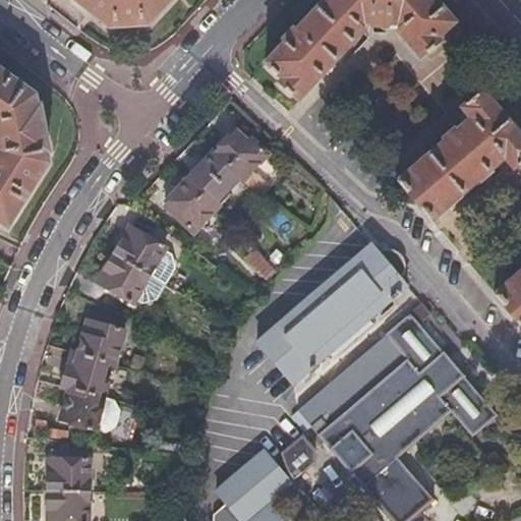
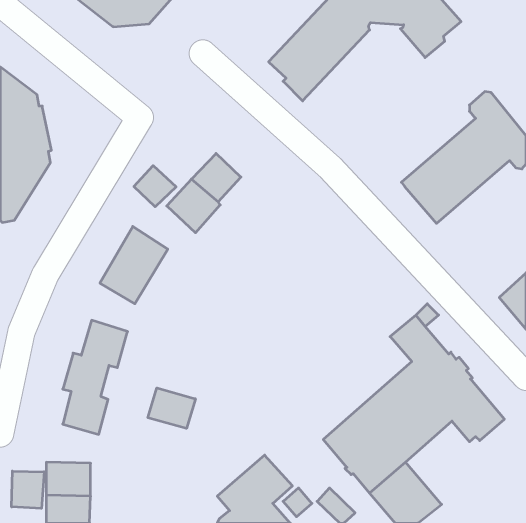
building: [214,128,267,178] -> none
building: none -> [134,166,176,207]
building: [258,242,409,385] -> none
building: [297,333,407,435] -> none
building: none -> [148,388,195,428]
building: [276,436,315,478] -> none
building: none -> [12,471,44,508]

